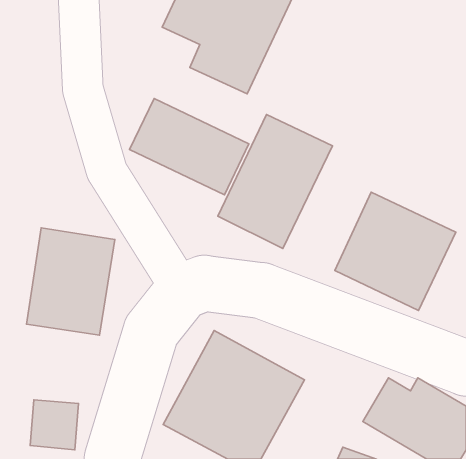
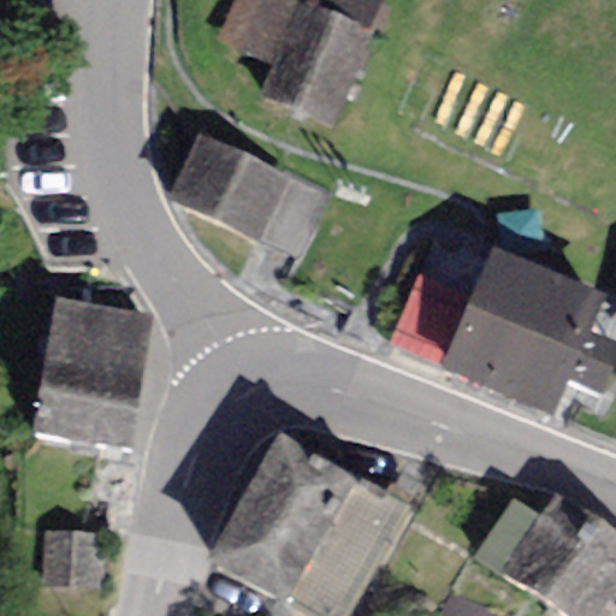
building: [218,114,332,248] -> none

